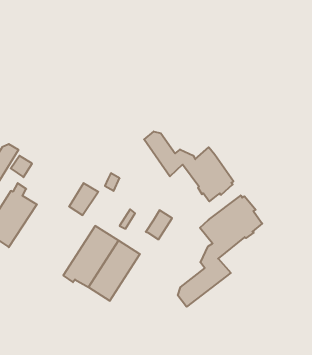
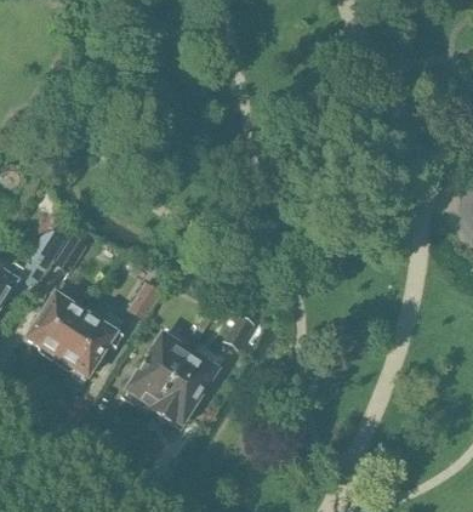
building: [144,131,233,201] -> none
building: [178,195,262,307] -> none
building: none -> [51,305,124,375]

